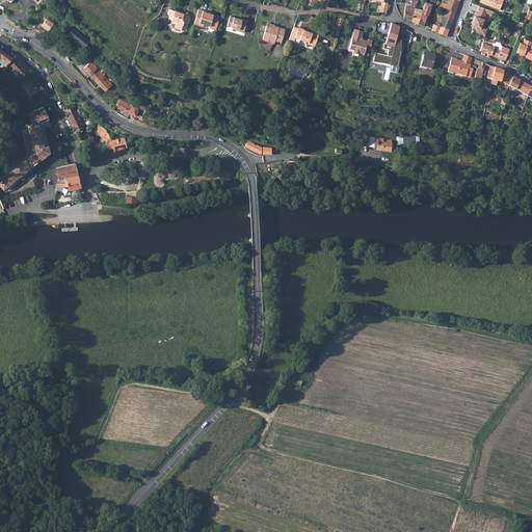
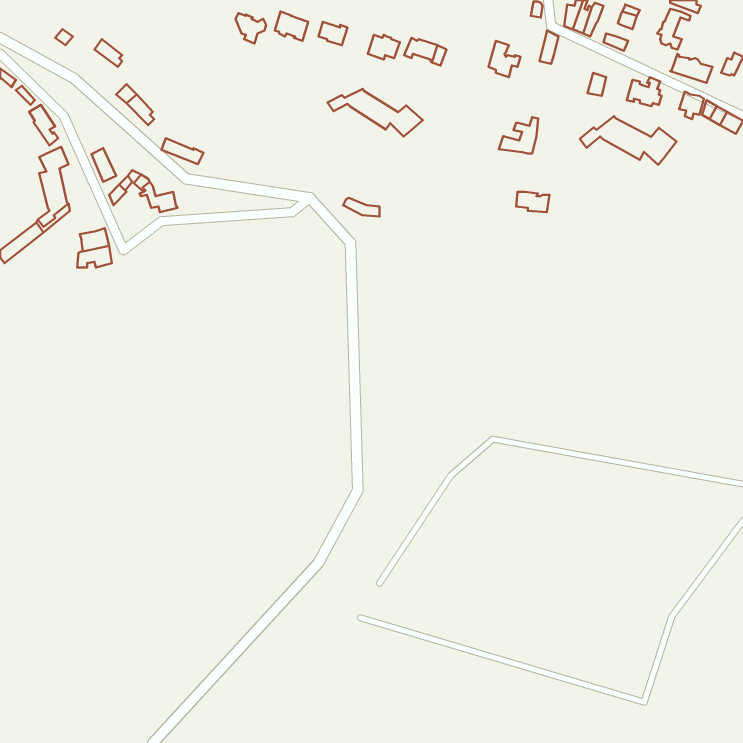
building: [372,39,400,65] -> [499,117,538,154]
building: none -> [328,89,423,137]
building: none -> [580,116,677,165]

